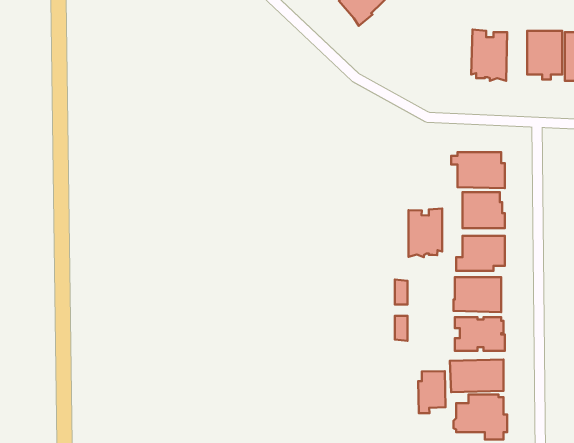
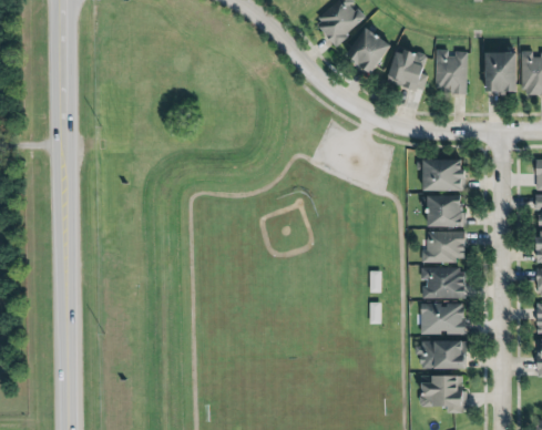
building: none -> [341,29,386,75]
building: none -> [388,48,428,91]
building: [408,209,442,257] -> none
building: [418,371,446,413] -> none

